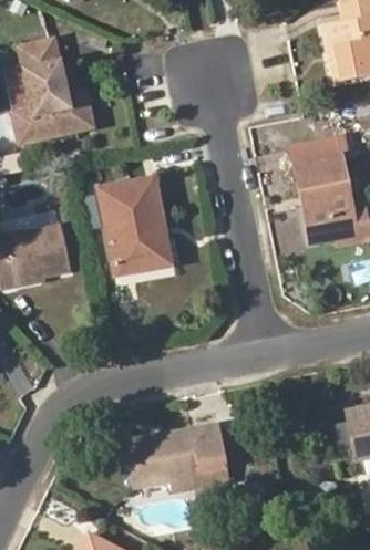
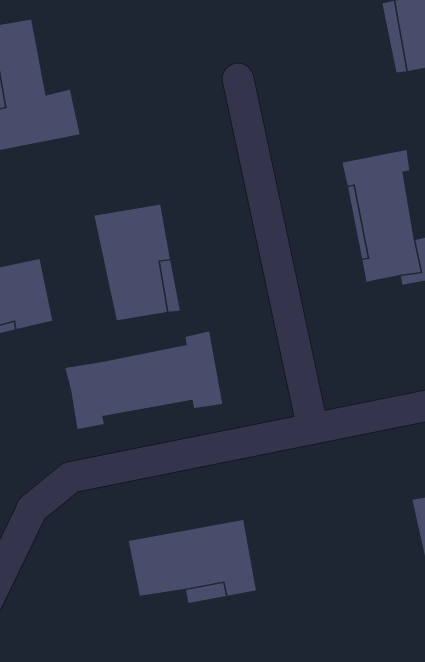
building: none -> [65,330,223,430]

